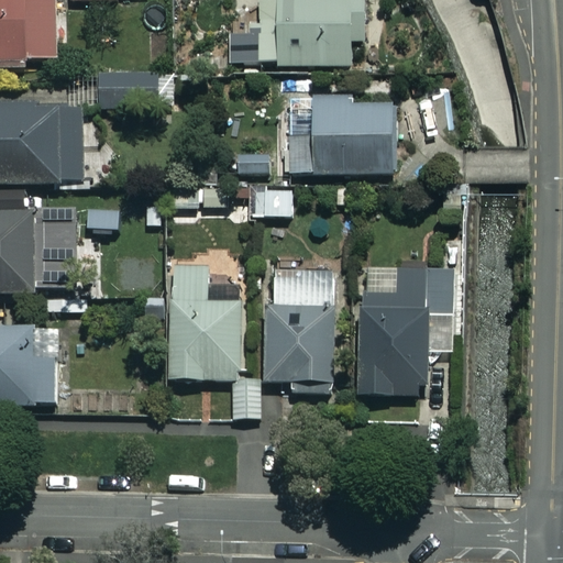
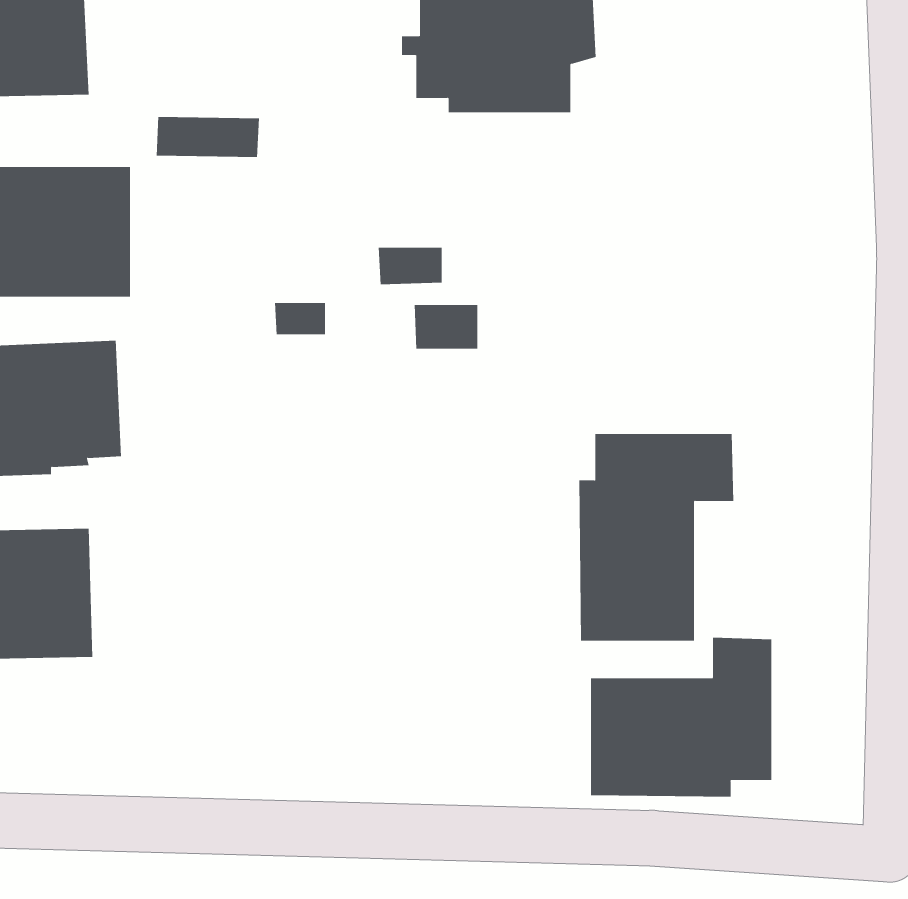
building: [283,97,395,174] -> none
building: [172,268,258,417] -> none
building: [262,273,335,391] -> none
building: none -> [590,637,772,798]

